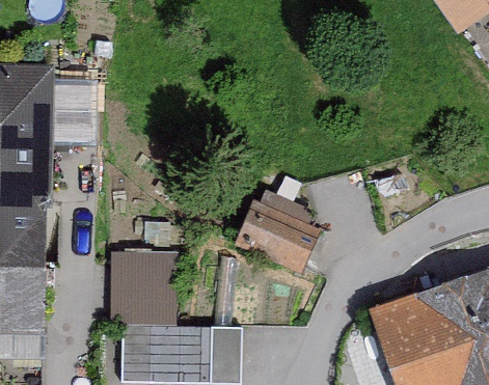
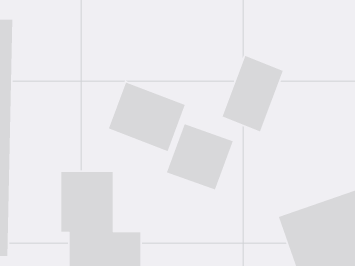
building: none -> [222,55,284,132]
building: none -> [108,81,186,152]

